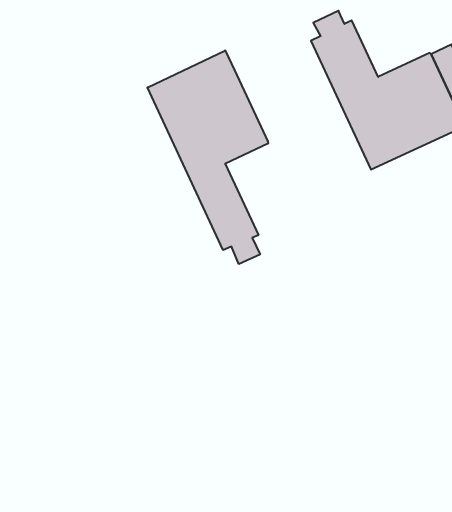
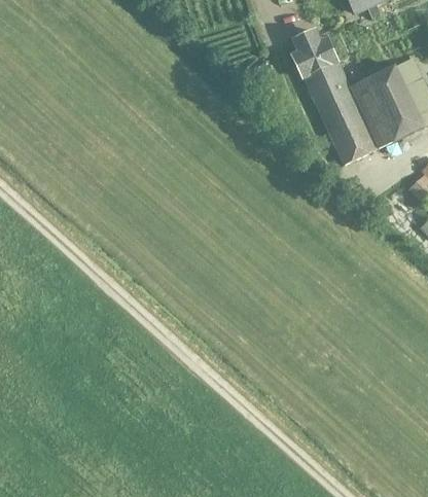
building: [147,50,268,264] -> none

